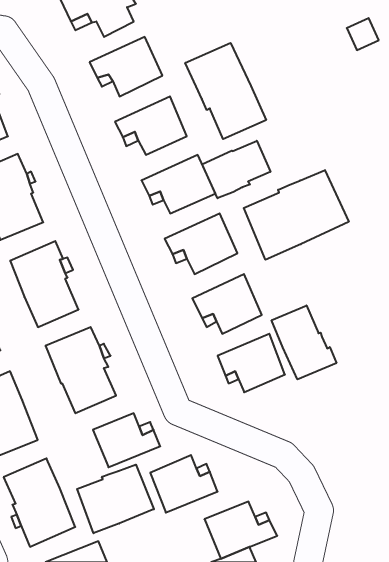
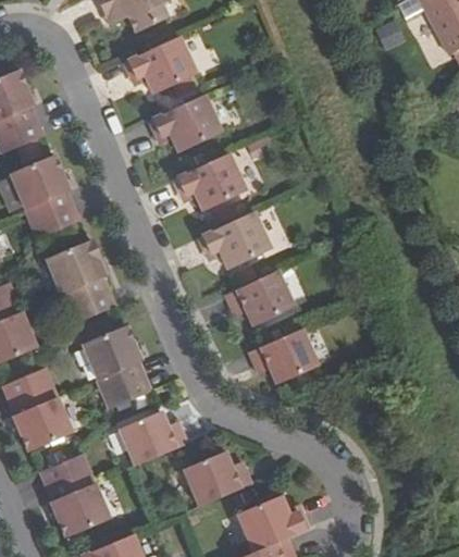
building: [185,43,266,139] -> none
building: [202,141,270,198] -> none
building: [244,170,349,260] -> none
building: [272,305,336,379] -> none
building: [77,465,154,533] -> none

